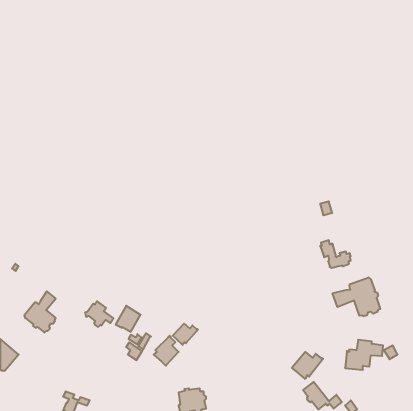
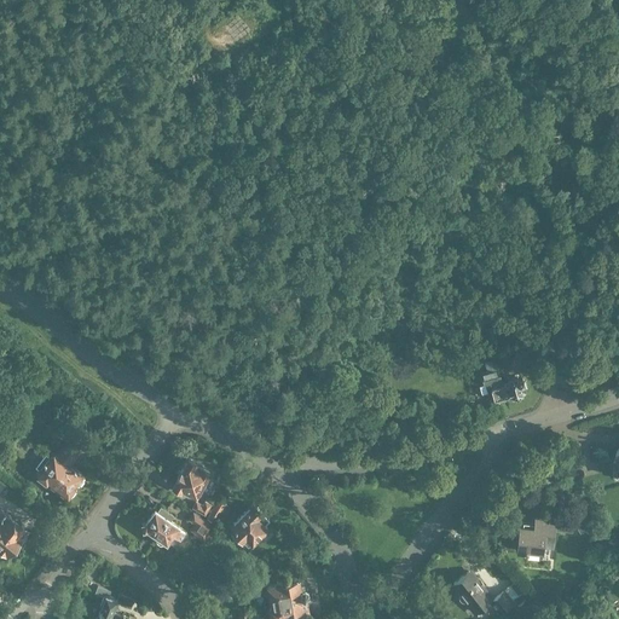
building: [333,277,380,316] -> none
building: [85,301,113,326] -> [143,509,185,546]
building: [173,324,198,345] -> none
building: [292,352,323,379] -> none

